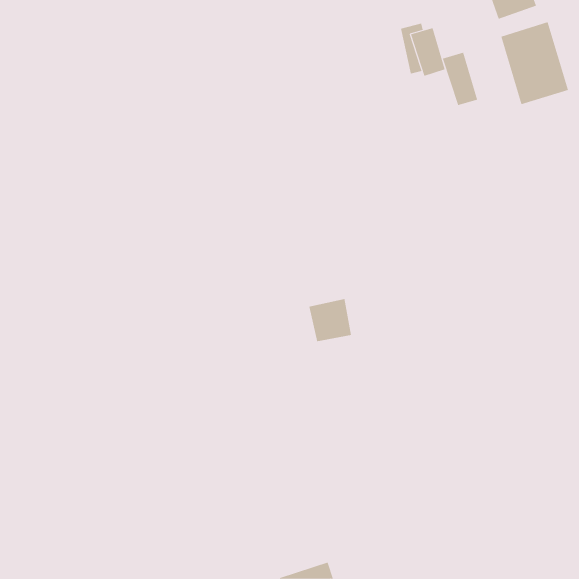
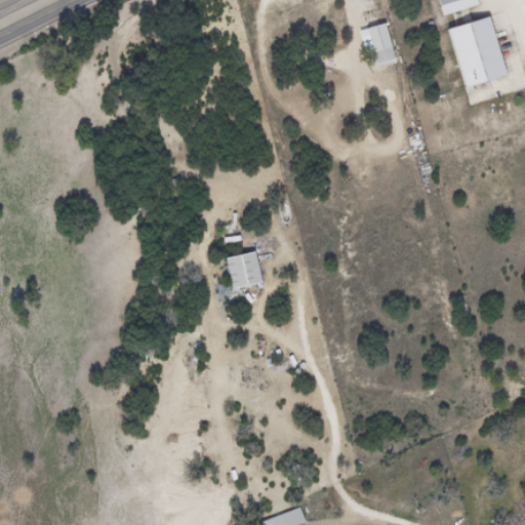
building: [442,52,478,106] -> none
building: [309,299,352,342] -> [216,248,255,287]

